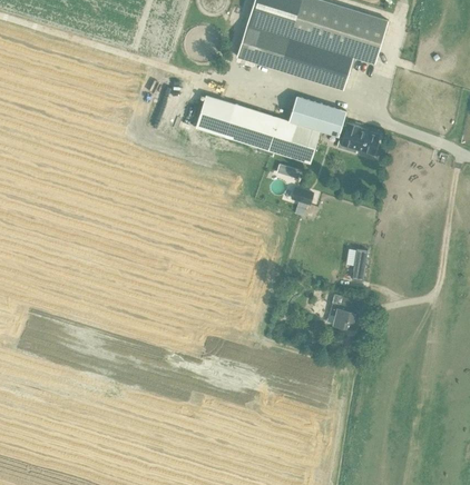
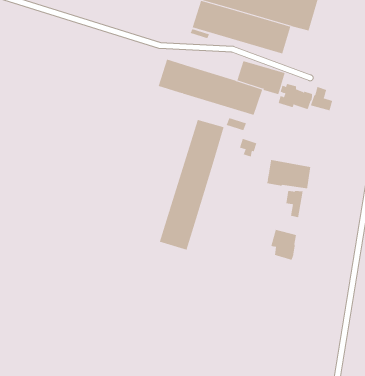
building: none -> [310,86,333,111]
building: none -> [159,119,224,251]
building: none -> [267,159,311,189]

